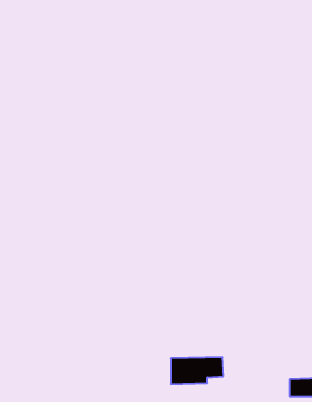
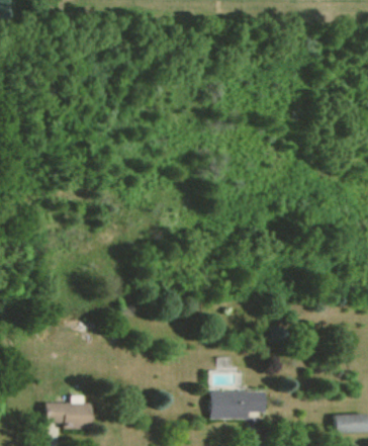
building: none -> [44,403,91,428]

